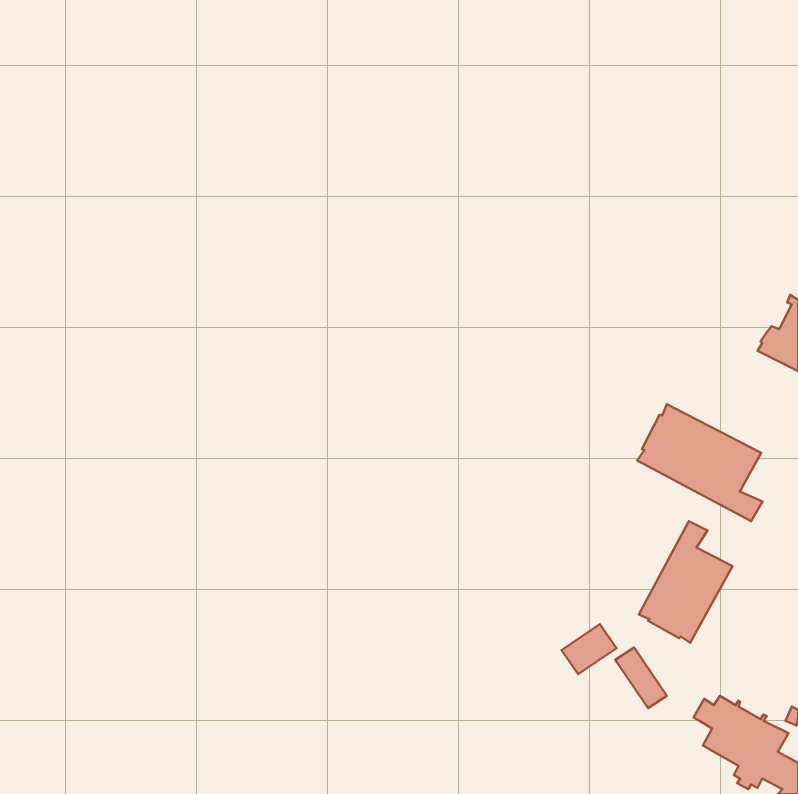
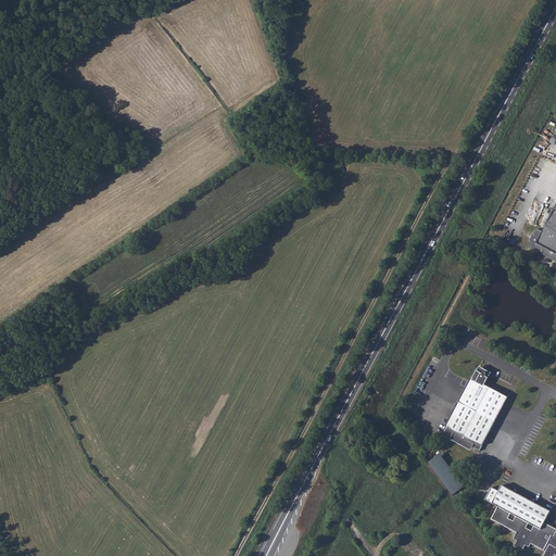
building: [637,404,763,521] -> none
building: [562,624,616,674] -> none

